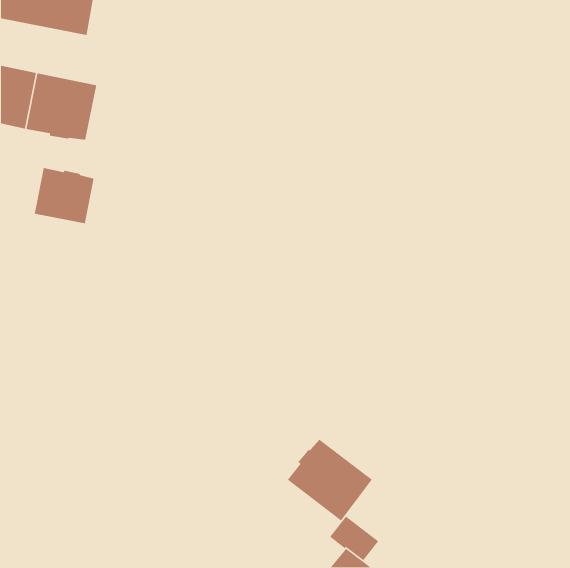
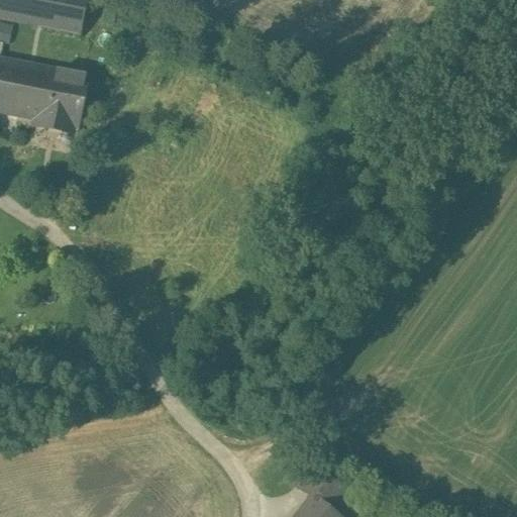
building: [34,167,95,224] -> none
building: [287,439,373,522] -> none

